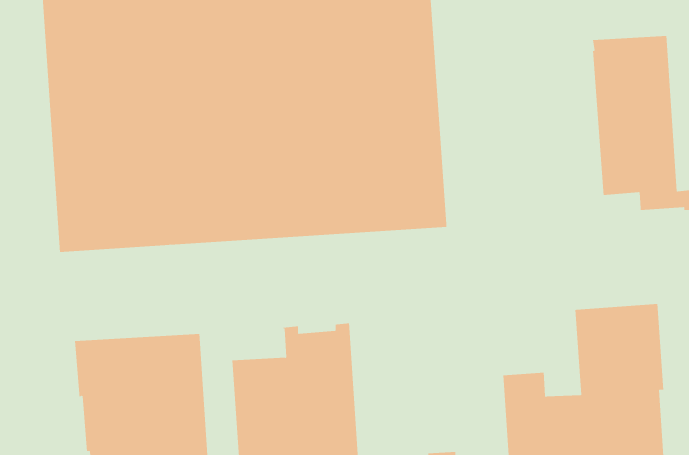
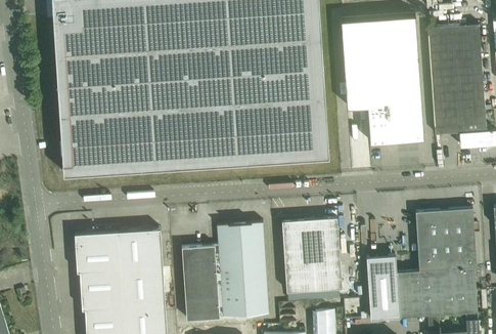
building: none -> [341,16,423,143]
building: none -> [281,218,342,293]

